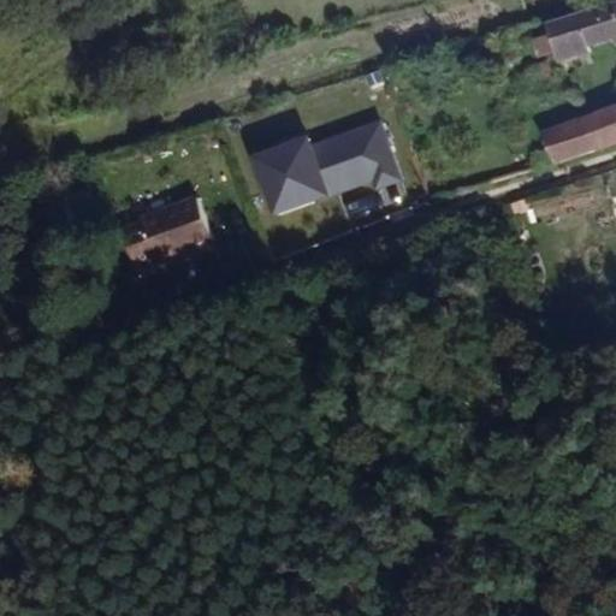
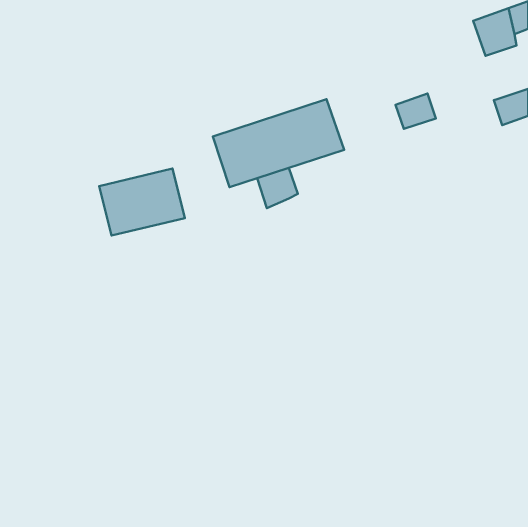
building: [538,118,585,159] -> [395,94,436,129]
building: none -> [257,168,298,208]

